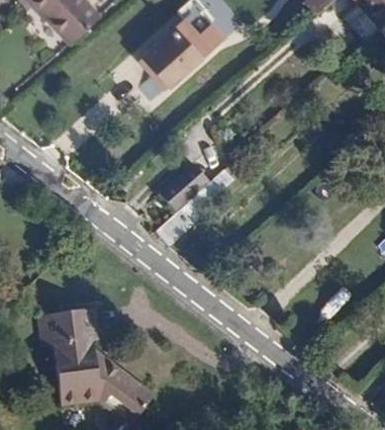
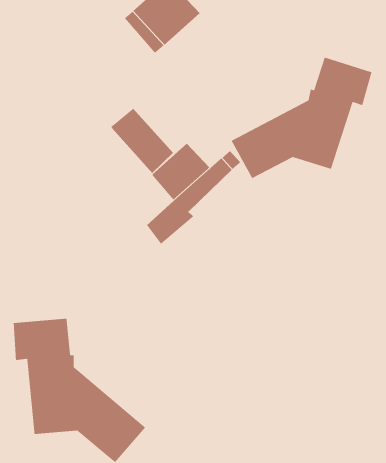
building: none -> [231,56,373,179]
building: none -> [110,108,174,174]

